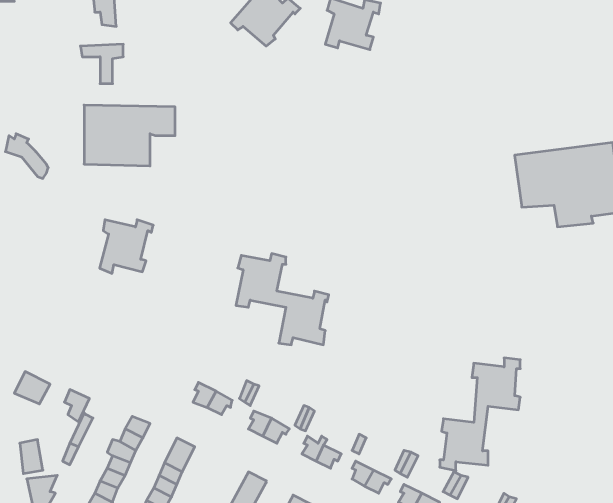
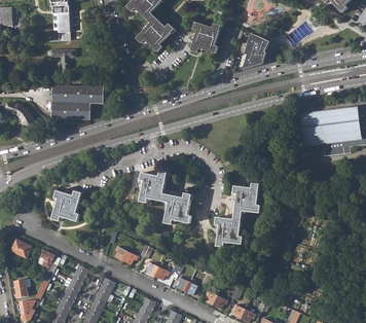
building: none -> [243,33,269,69]
building: [100,220,153,273] -> [52,190,83,221]
building: [440,358,520,471] -> [214,182,260,247]

